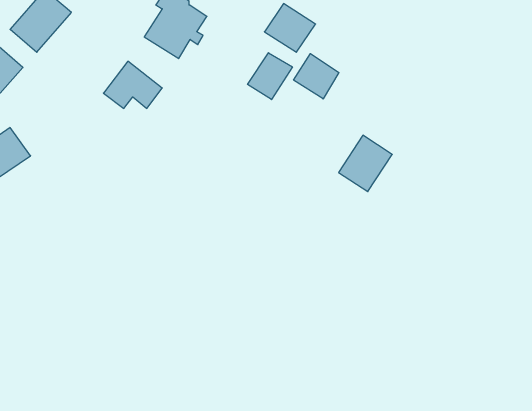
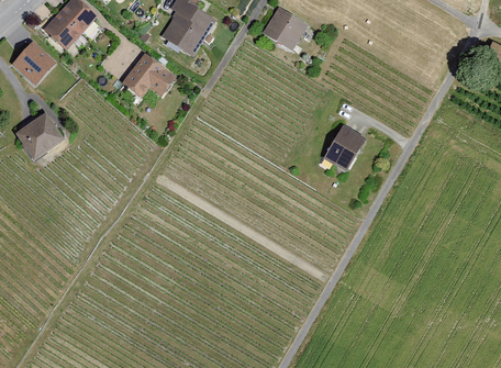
building: [248,53,292,100] -> none
building: [294,54,339,99] -> none

